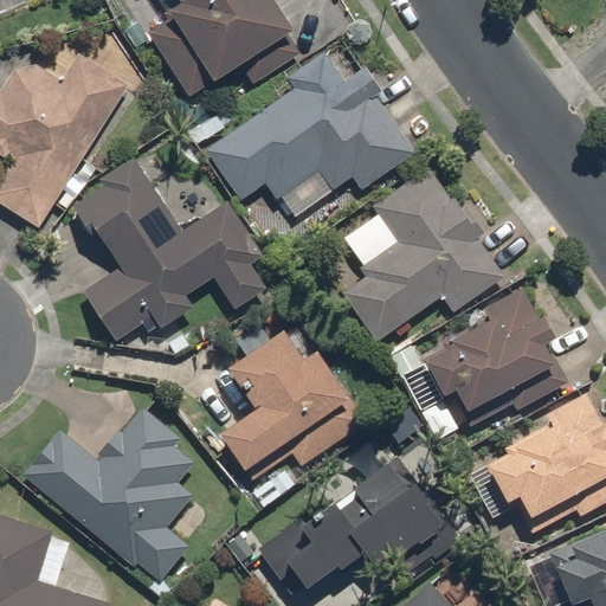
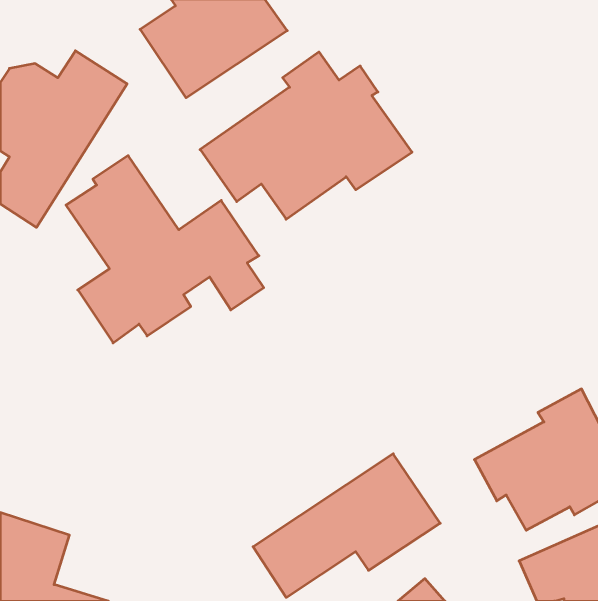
building: [342,167,507,343] -> none
building: [420,288,569,426] -> none
building: [212,330,370,485] -> none
building: [22,405,196,586] -> none

